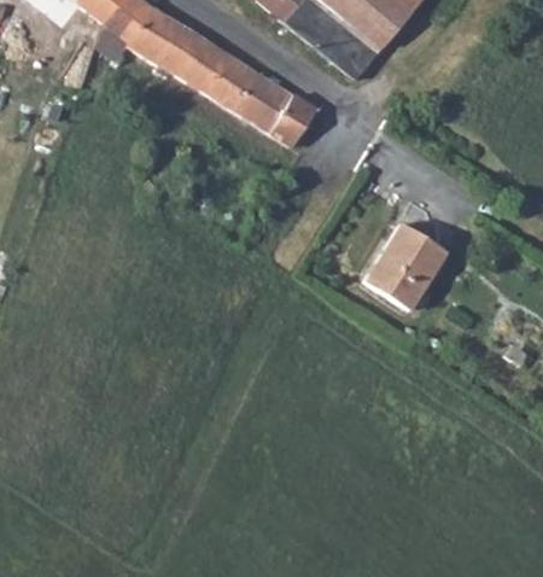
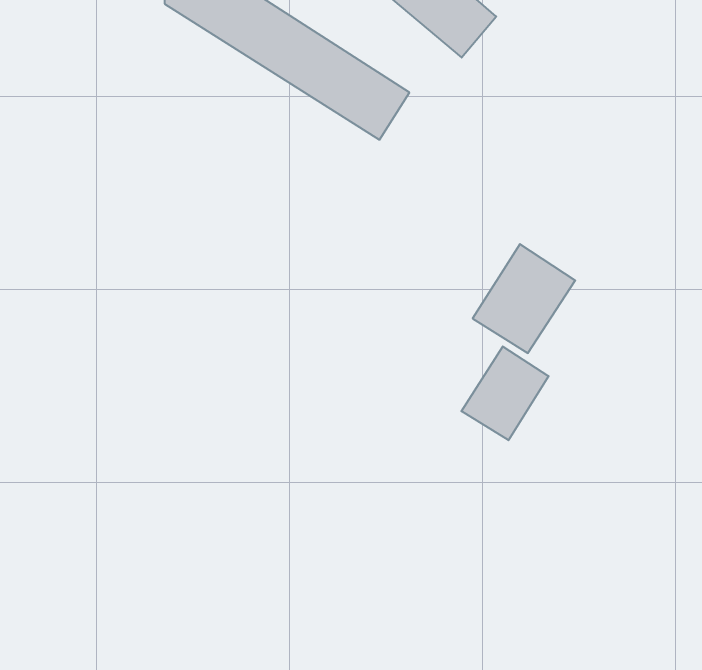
building: none -> [461,346,549,440]

